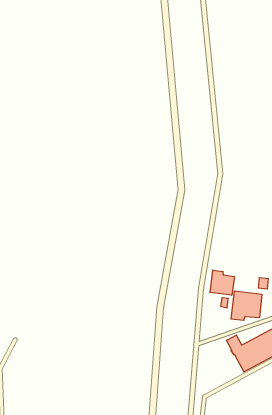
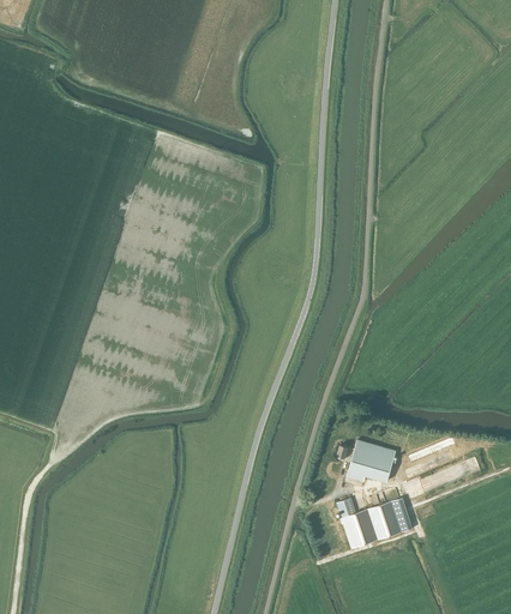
building: [210,270,234,295] -> none

